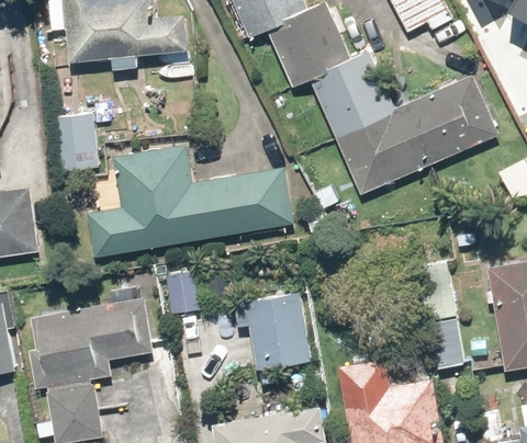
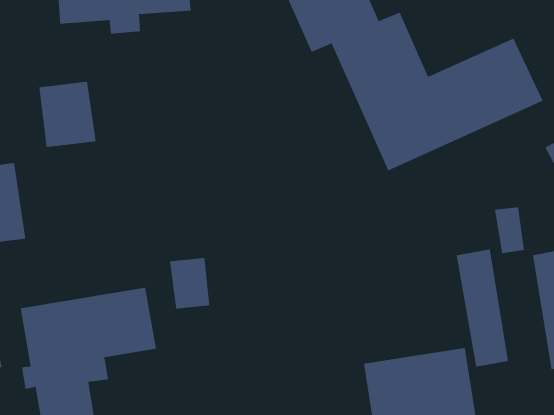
building: [86,145,291,257] -> none
building: [234,291,309,370] -> none

